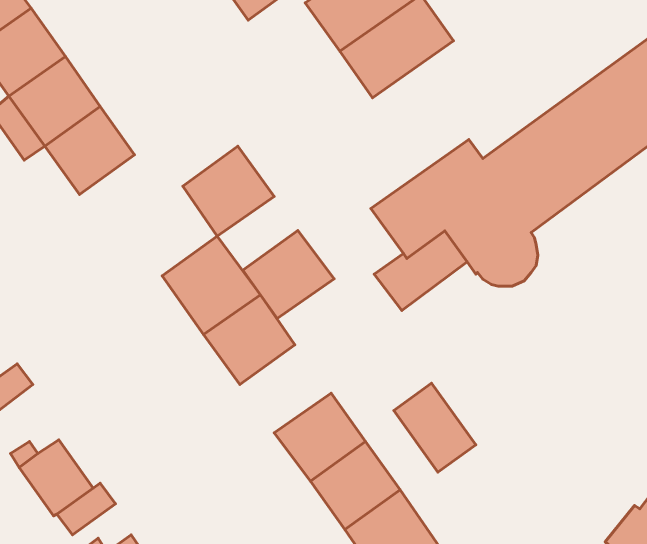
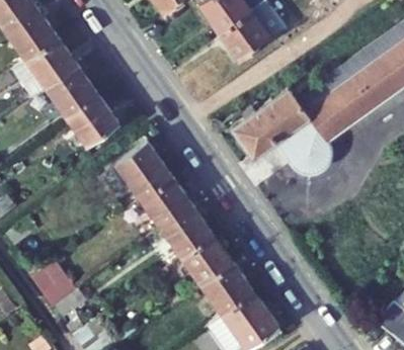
building: [183,146,274,236] -> [66,95,119,148]
building: [243,230,334,318] -> [160,206,214,258]
building: [394,383,476,472] -> none

